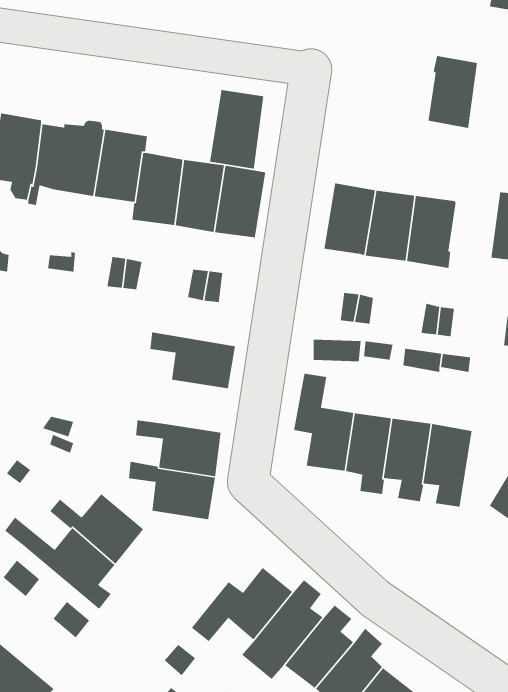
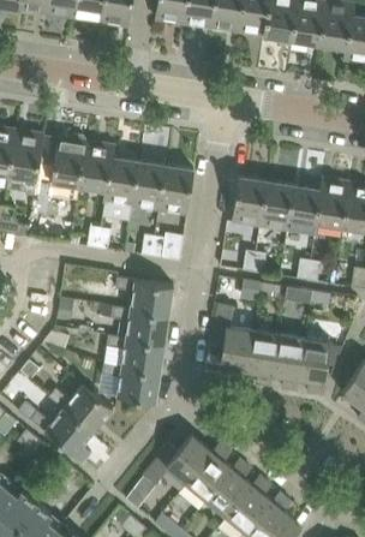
building: [428,55,478,129] -> [316,179,349,228]
building: [209,89,264,170] -> none
building: none -> [100,306,168,345]

